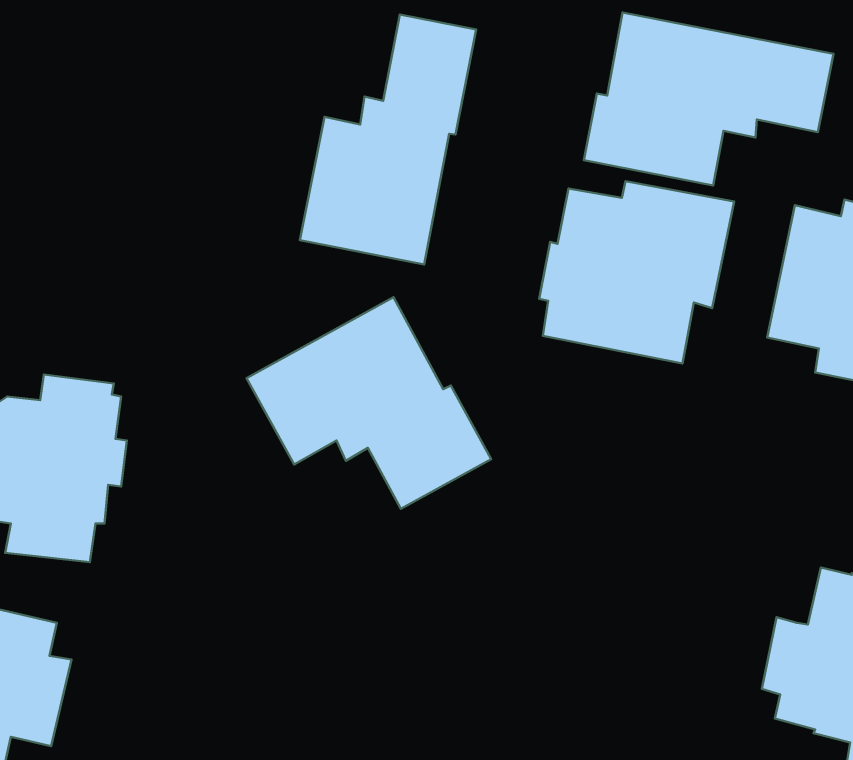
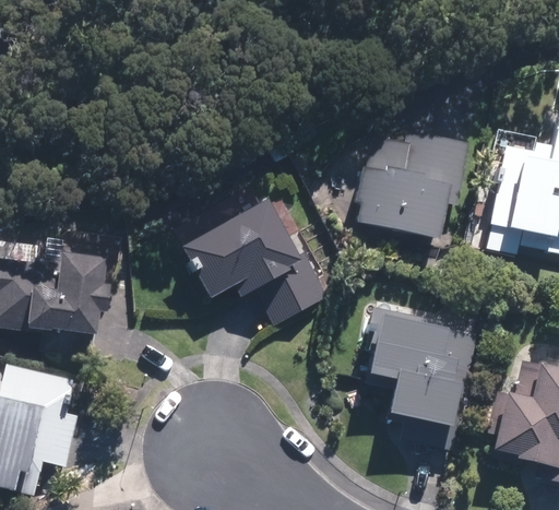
building: [584,12,834,186] -> none
building: [300,14,476,265] -> none
building: none -> [366,306,477,449]

